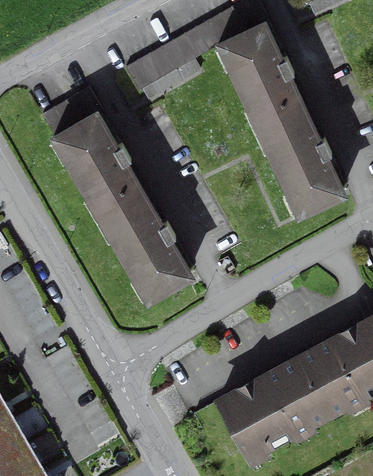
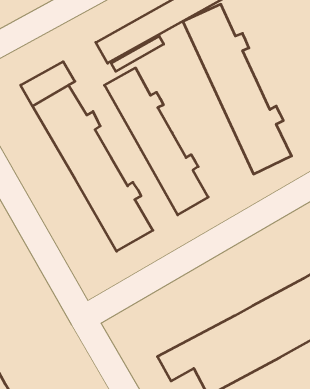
building: none -> [104,68,208,215]

